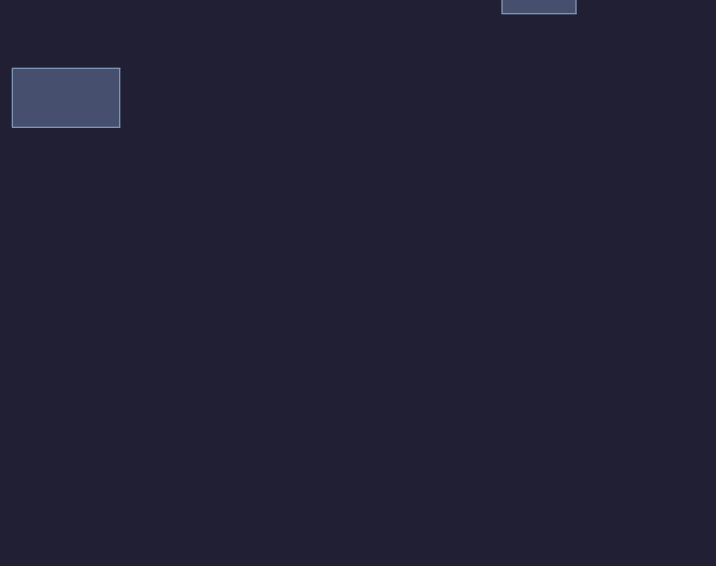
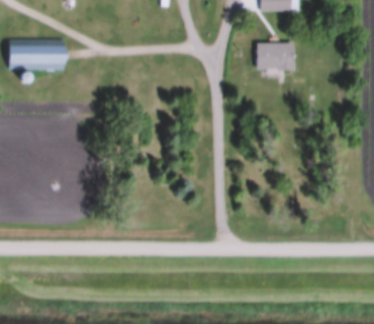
building: none -> [257,45,295,72]

